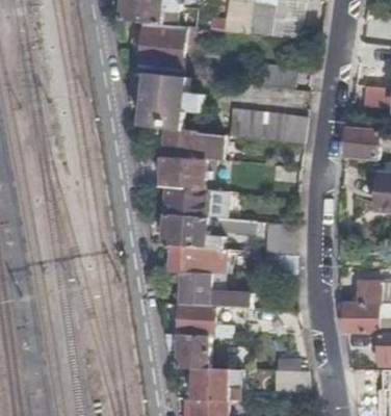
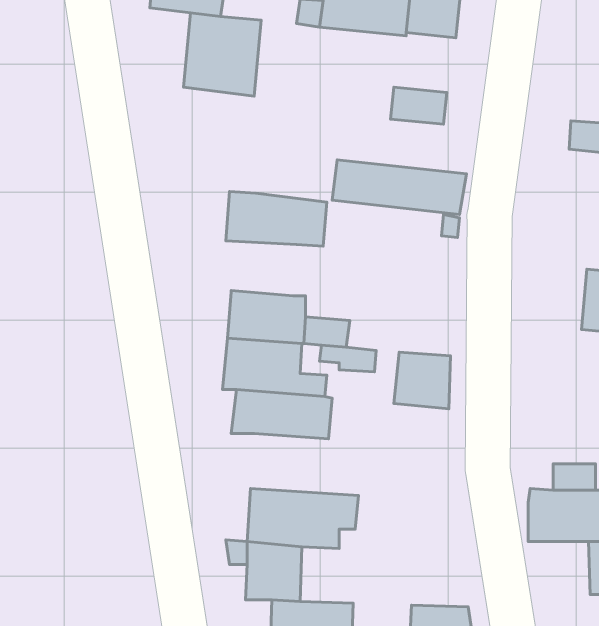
building: [139,72,202,128] -> none
building: [342,128,377,157] -> none
building: [157,156,205,188] -> none
building: [178,269,249,307] -> none

